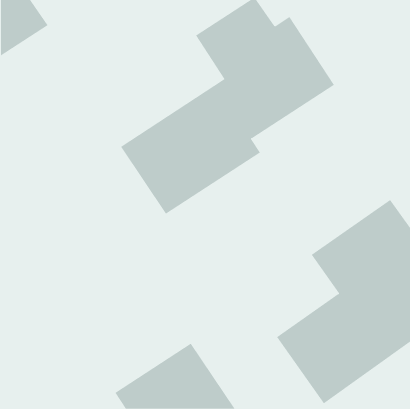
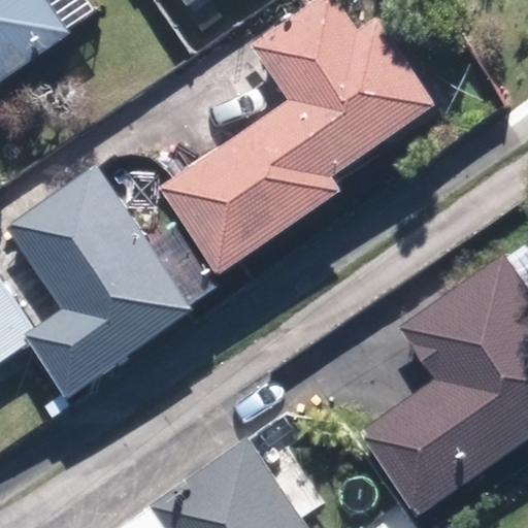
building: none -> [10,168,194,395]

